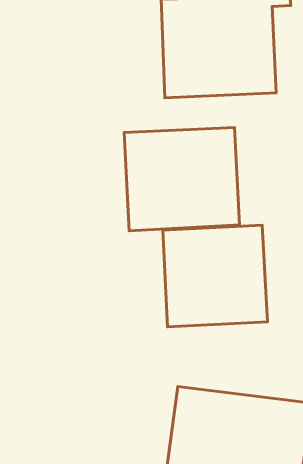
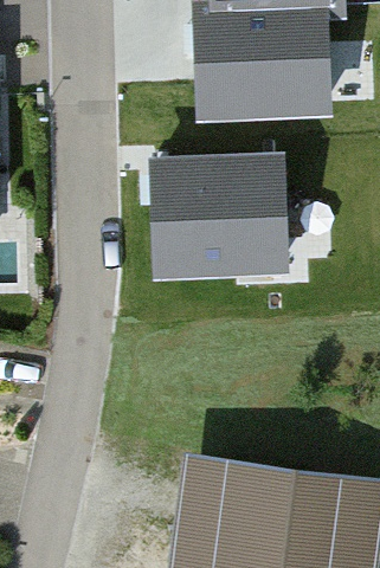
building: [163,225,268,327] -> none

